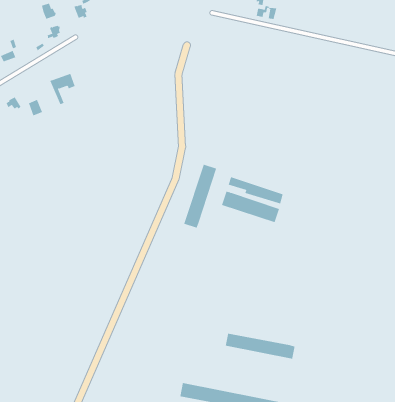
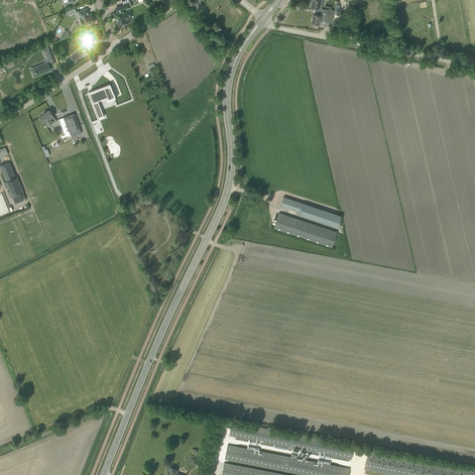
building: [183,164,217,228] -> none
building: [225,333,295,360] -> none

